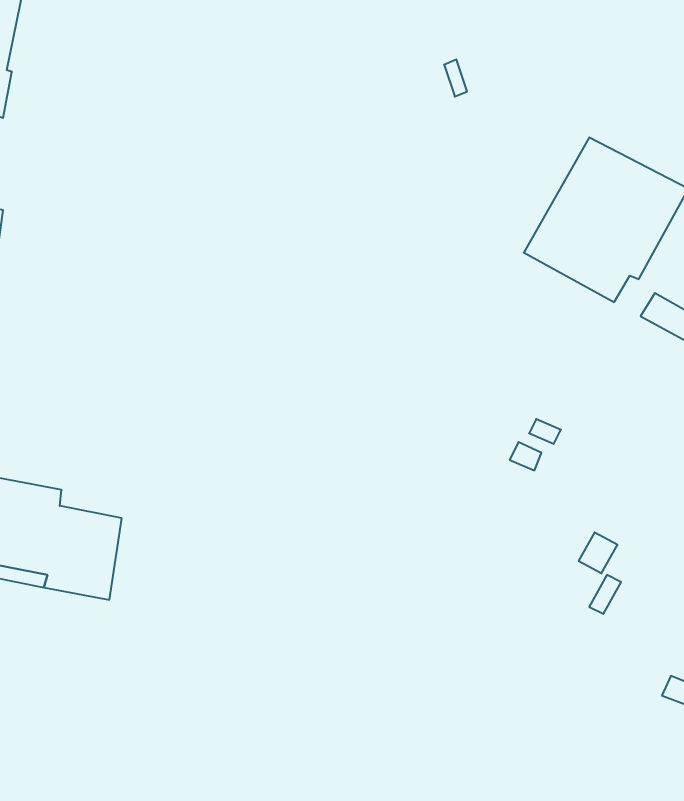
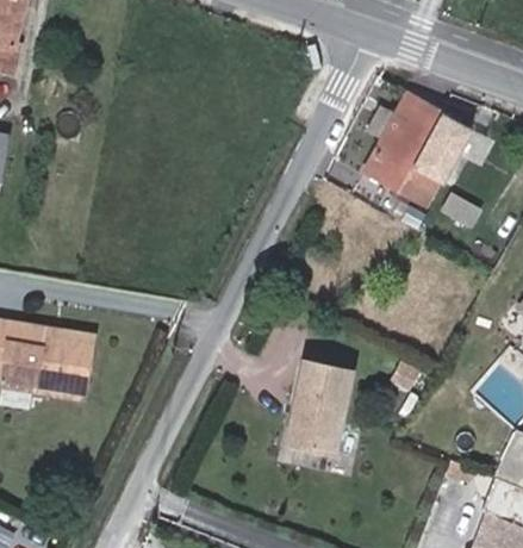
building: none -> [288,357,351,450]

